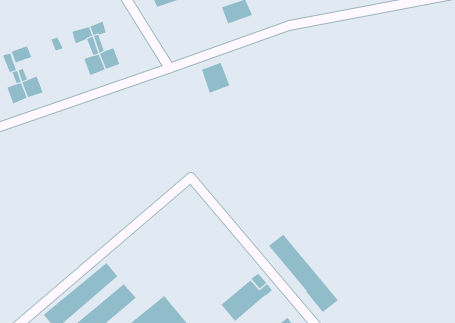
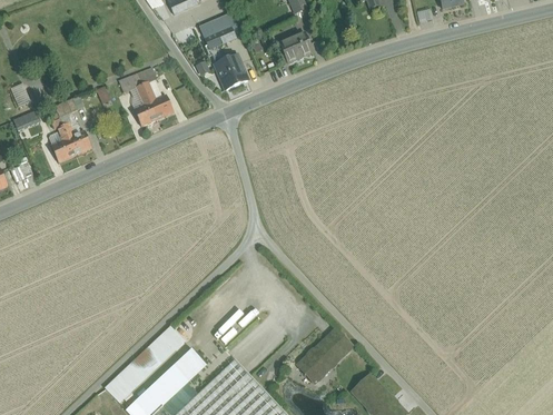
building: [201,62,230,94] -> [216,55,248,89]
building: [268,234,339,313] -> none

